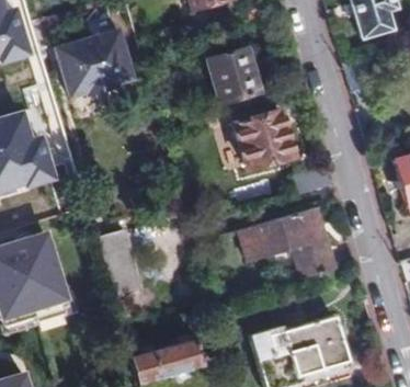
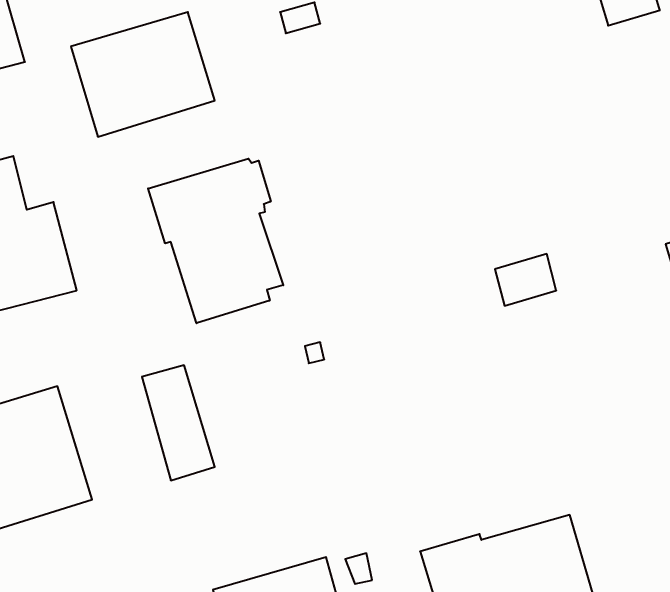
building: [205,48,259,104] -> none
building: [232,99,296,169] -> none
building: none -> [148,159,283,323]
building: [240,208,337,281] -> none

